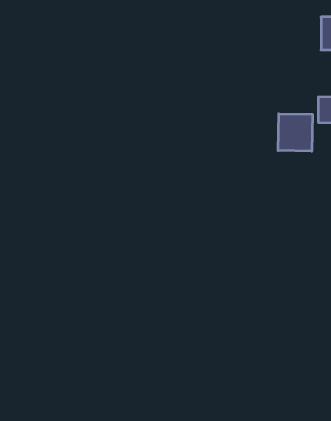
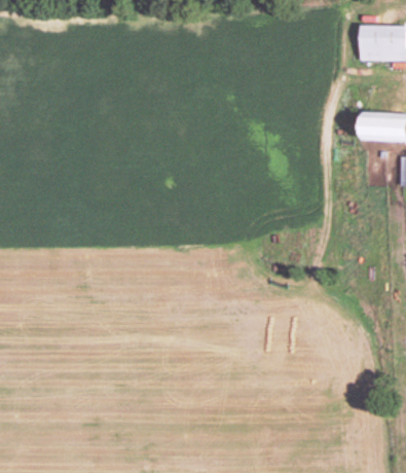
building: [278,114,312,151] -> none

